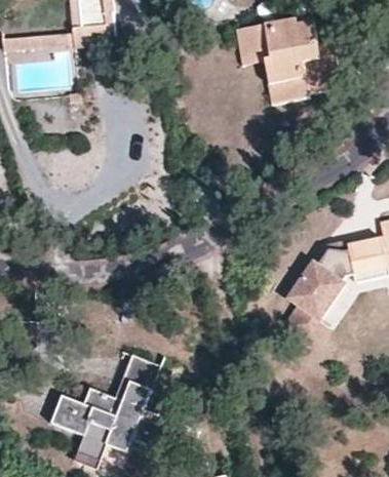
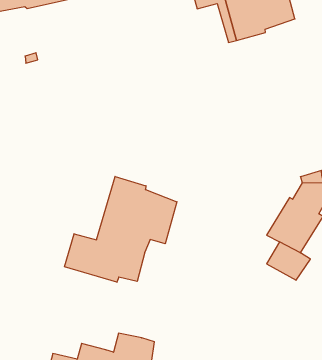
building: none -> [65,176,177,282]
building: [112,355,157,400] -> none

